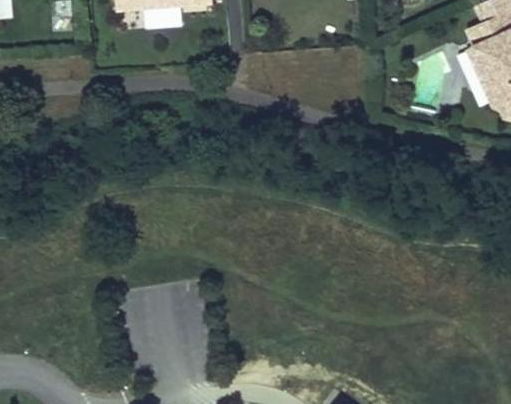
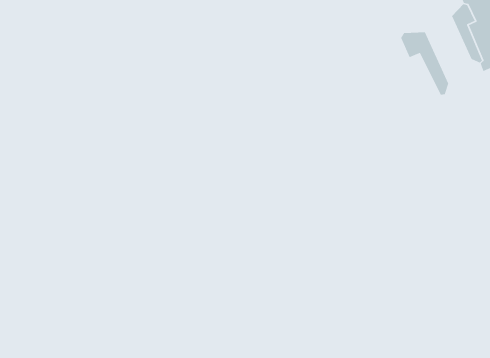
building: none -> [400,31,449,95]

